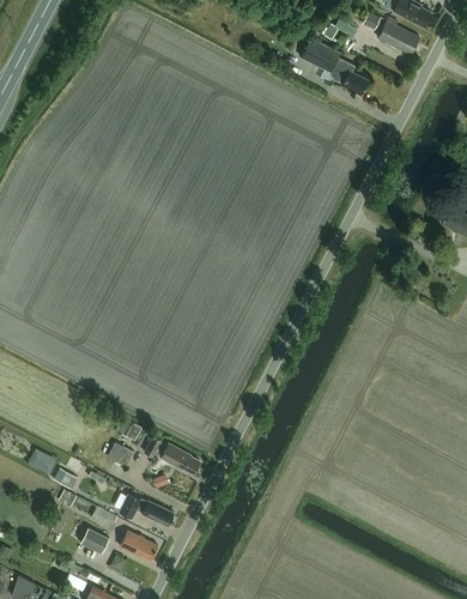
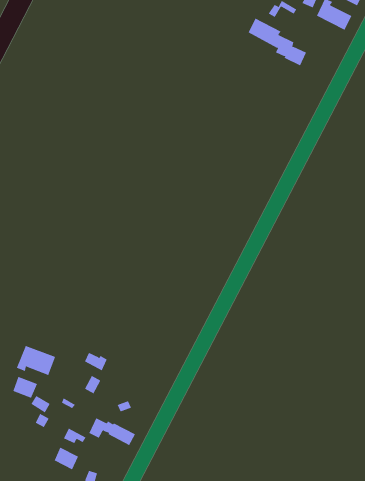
building: none -> [16,345,56,376]
building: [144,436,200,473] -> none
building: [120,530,158,559] -> none

